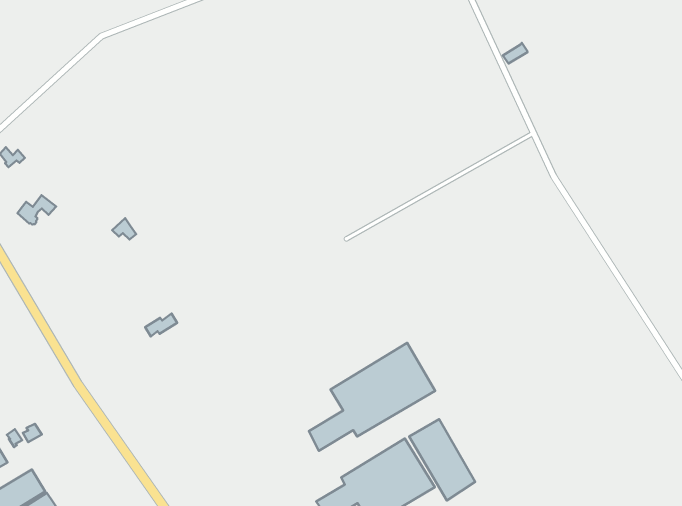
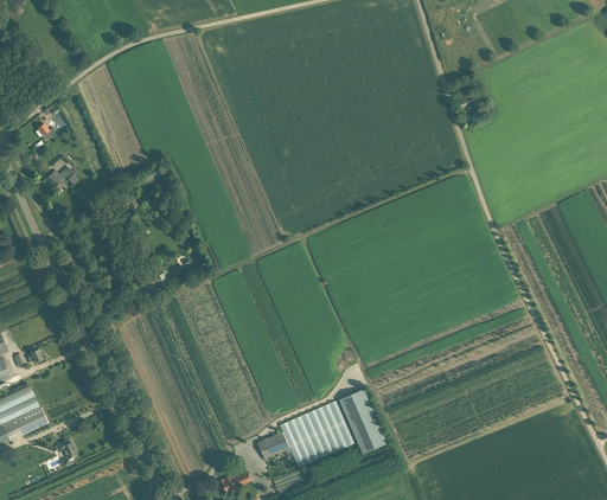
building: [309,343,435,451] -> none

